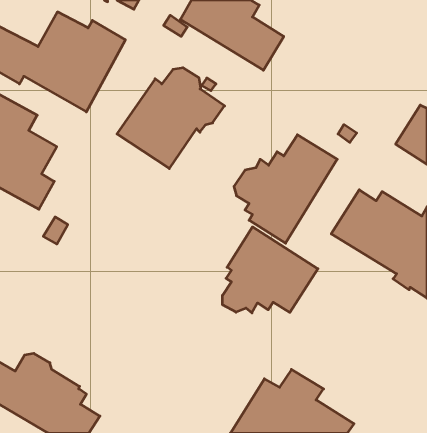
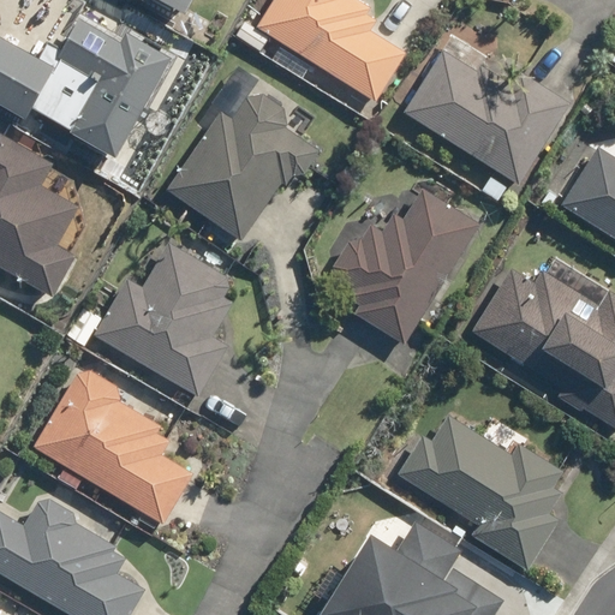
building: none -> [401,50,571,185]
building: none -> [94,244,232,395]
building: [222,227,318,313] -> none
building: none -> [32,371,190,524]
building: none -> [398,419,561,571]

